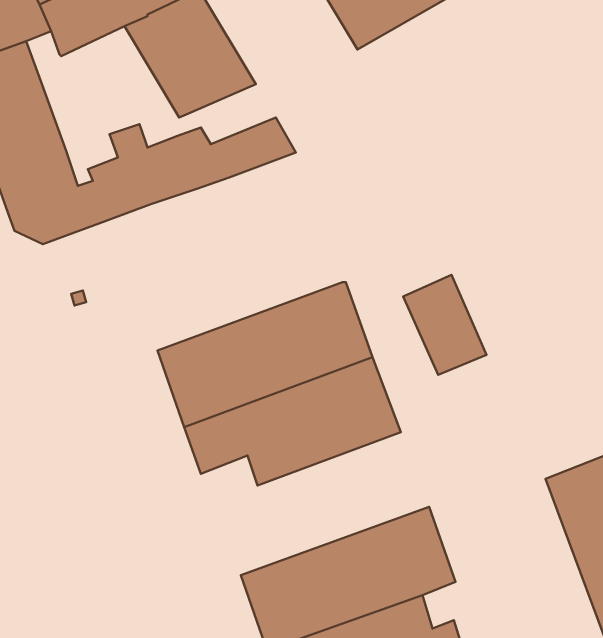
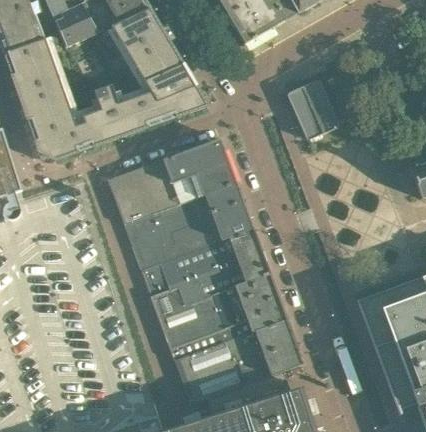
building: none -> [144,64,195,100]
building: none -> [107,138,235,224]
building: [403,275,486,375] -> [288,79,338,139]
building: none -> [150,273,287,359]

